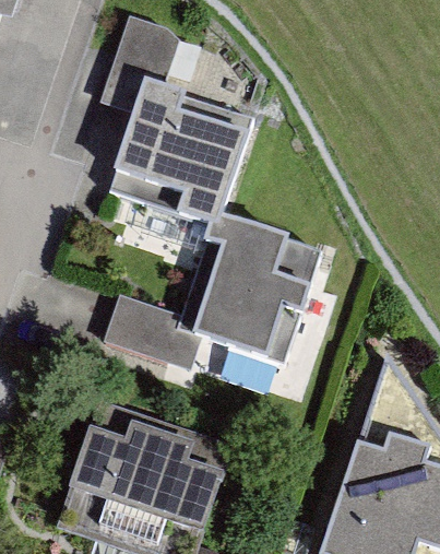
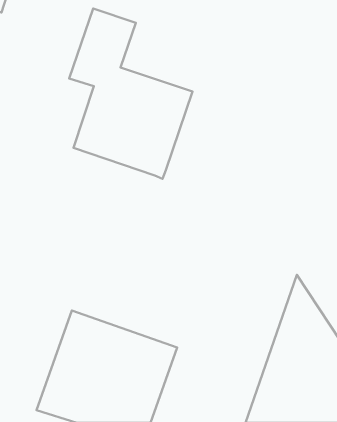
building: [102,221,319,369] -> none

